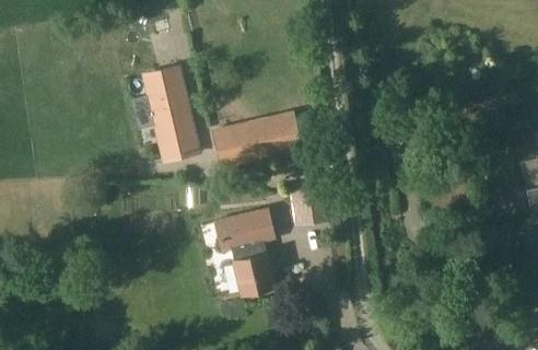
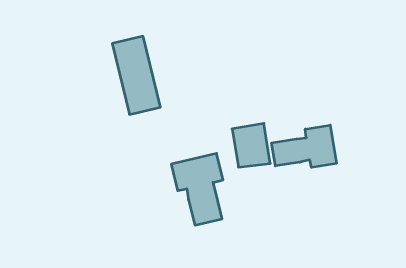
building: [213,113,301,170] -> none
building: none -> [272,125,336,167]

